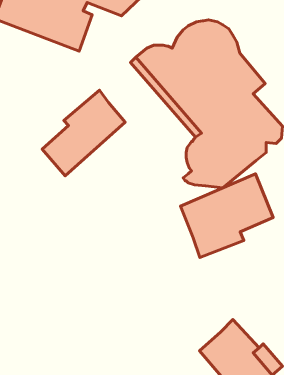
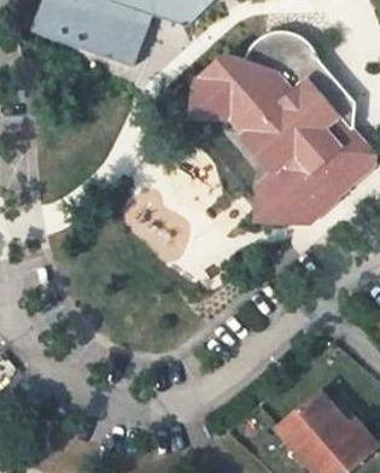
building: [42,90,125,176] -> none
building: [180,174,273,257] -> none

